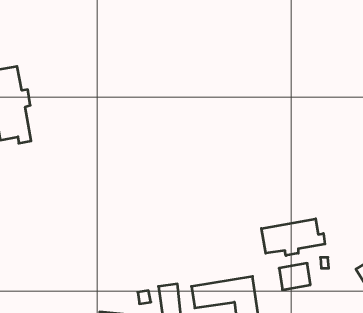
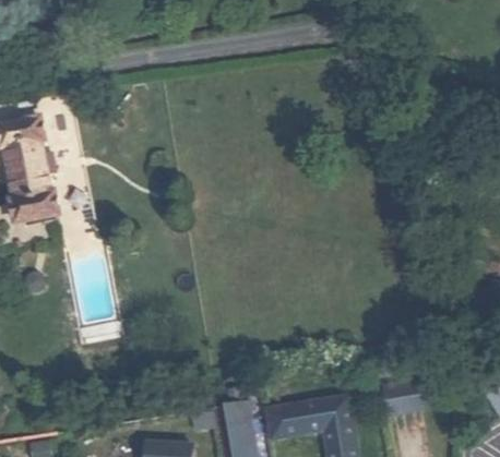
building: [261,219,325,256] -> none

